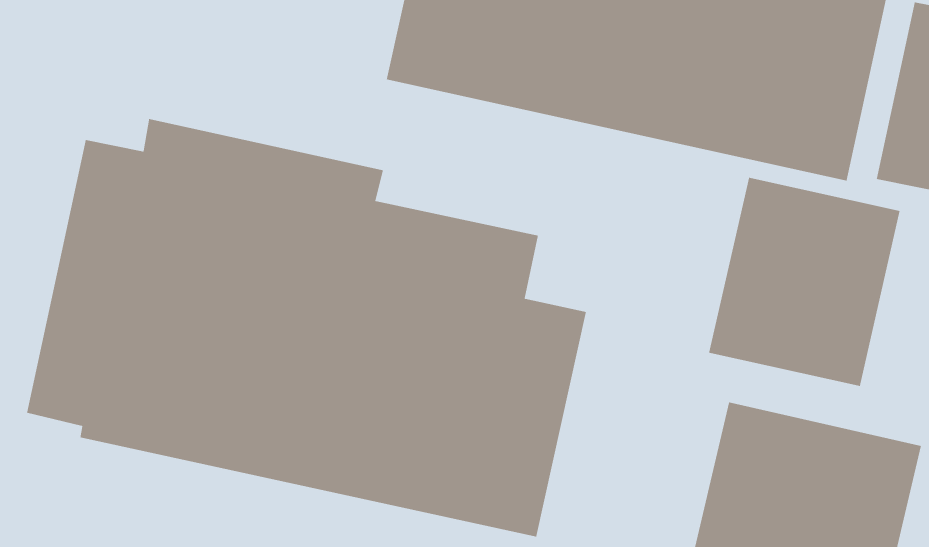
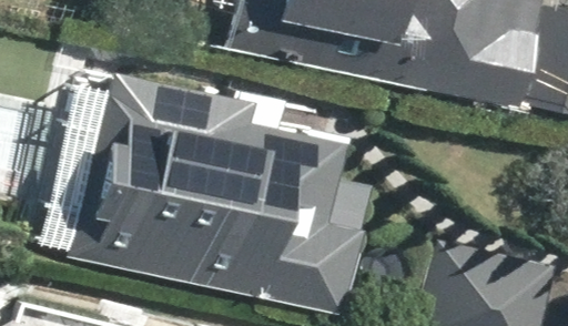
building: [708,177,901,387] -> none

